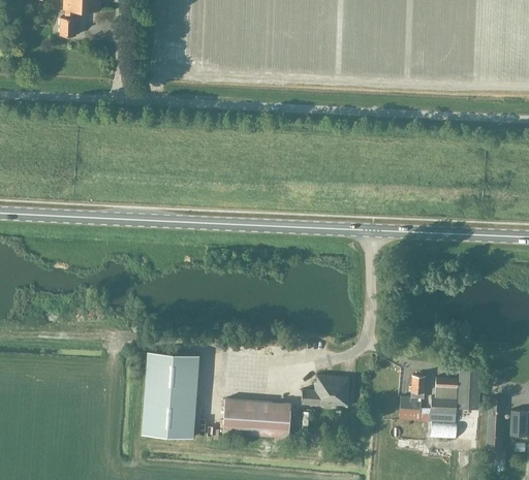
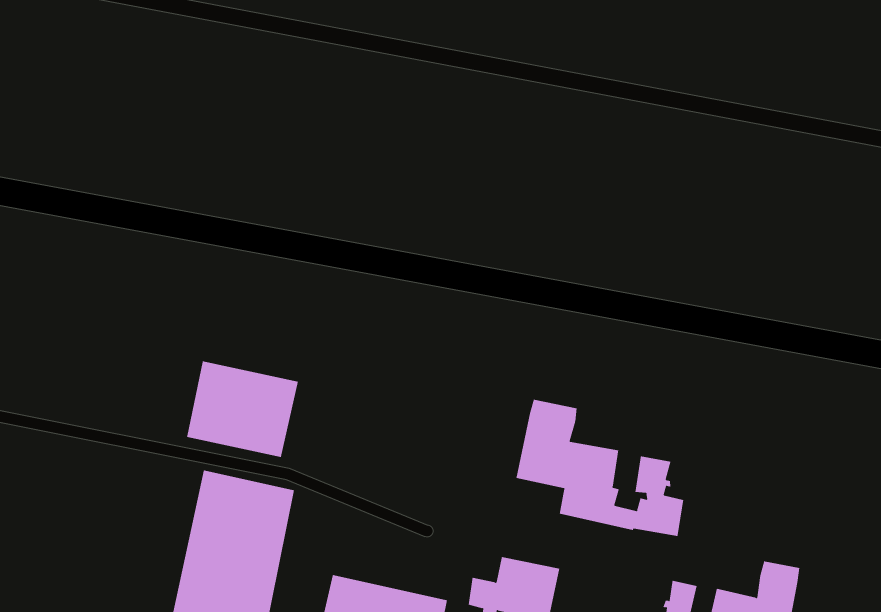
building: none -> [516,399,684,537]
building: none -> [187,360,299,458]

